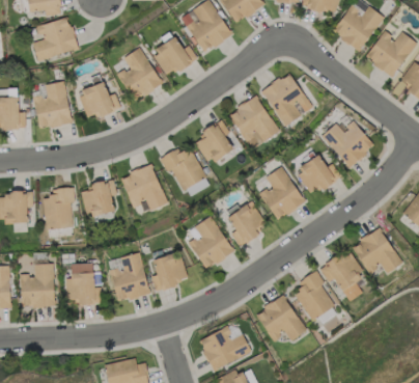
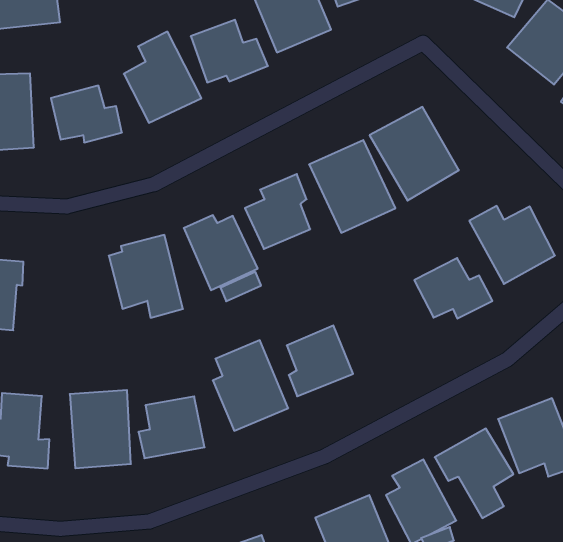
building: [260,167,305,220] -> none
building: [82,177,117,218] -> none

